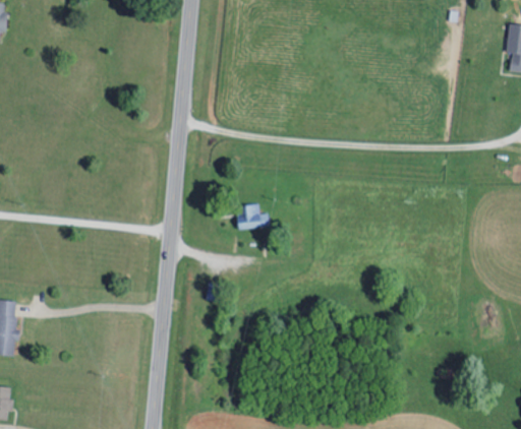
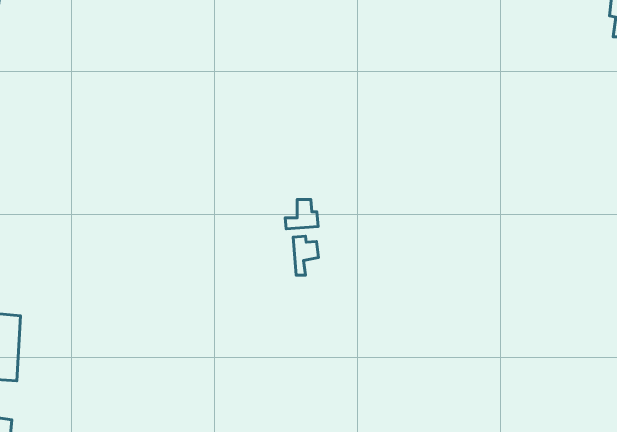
building: none -> [293,236,319,275]

